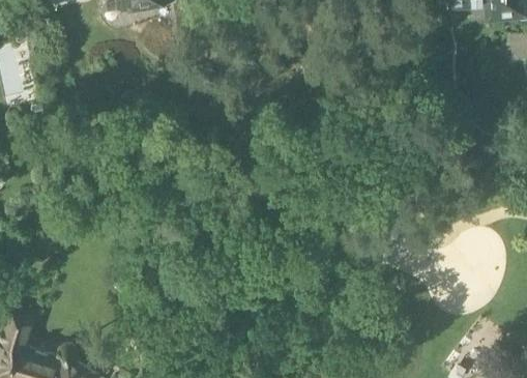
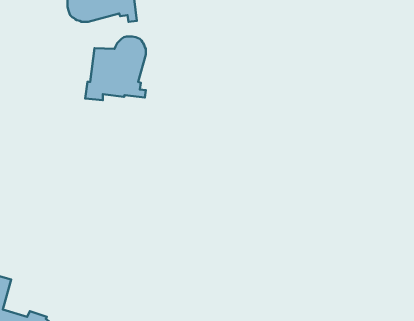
building: none -> [85,36,146,100]

